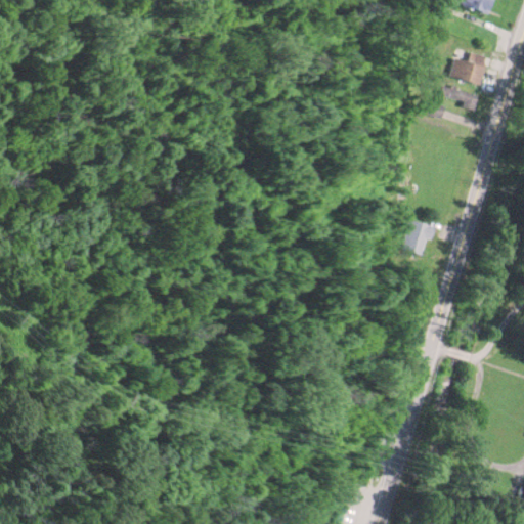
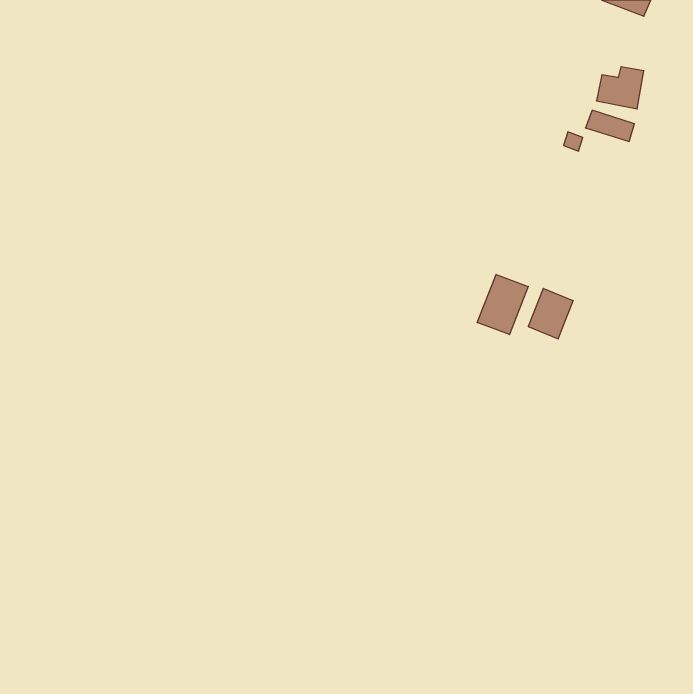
building: none -> [477,274,528,335]

